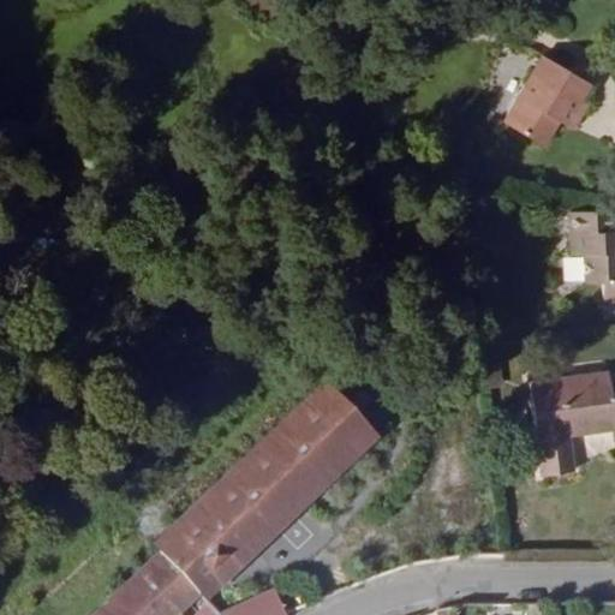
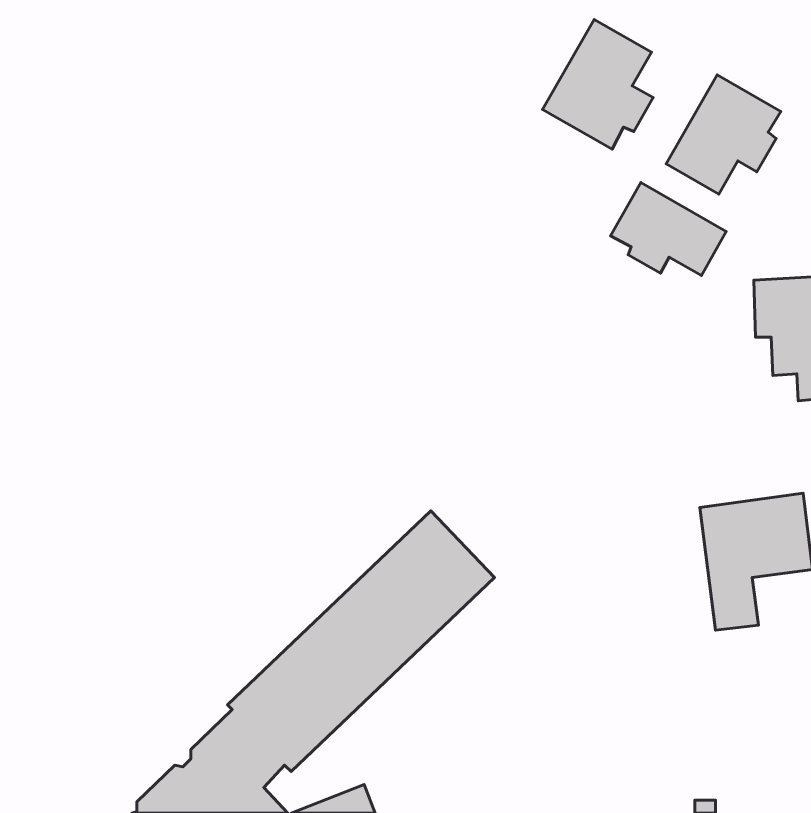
building: none -> [543,20,653,149]
building: none -> [611,183,726,275]

